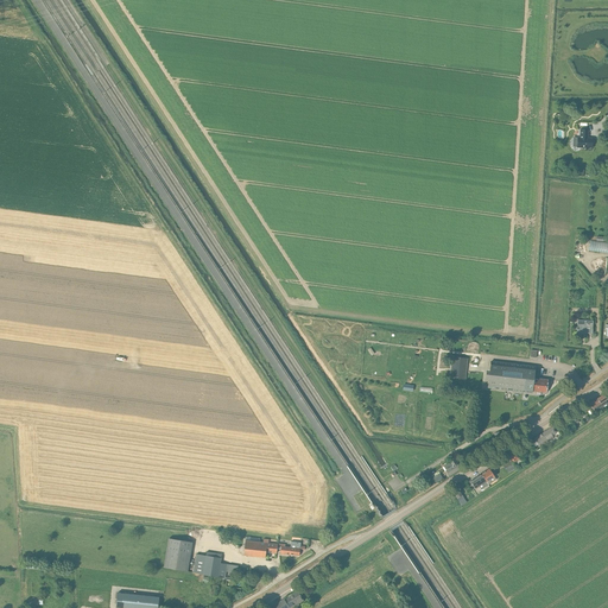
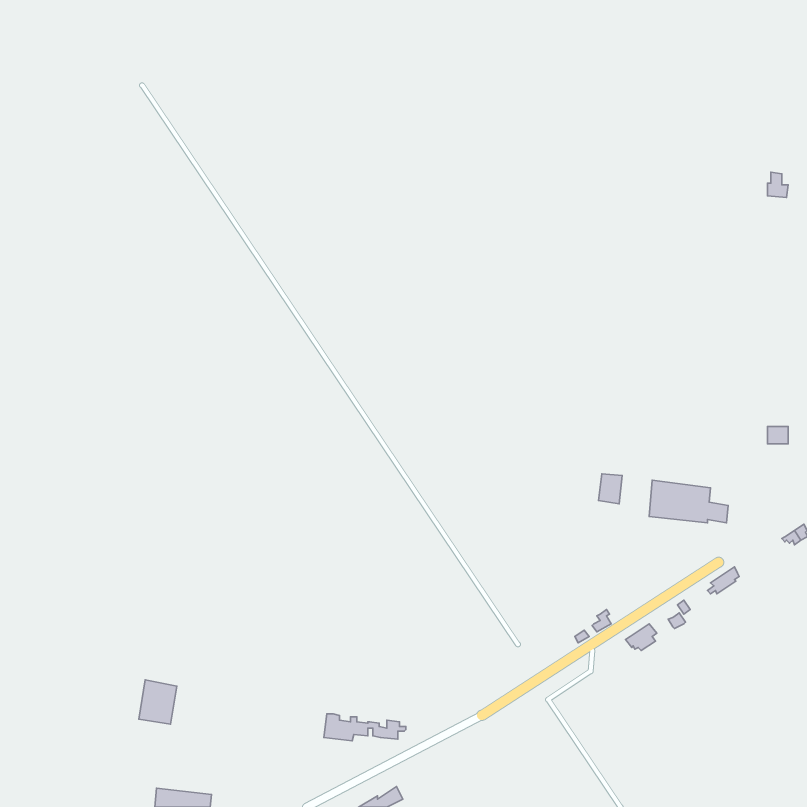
building: [164,538,192,571] -> [139,680,177,724]
building: [194,552,239,578] -> none

